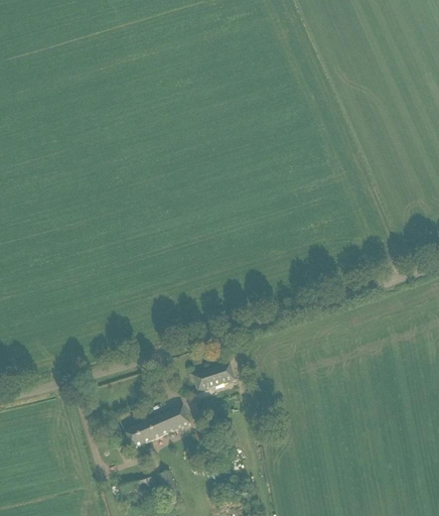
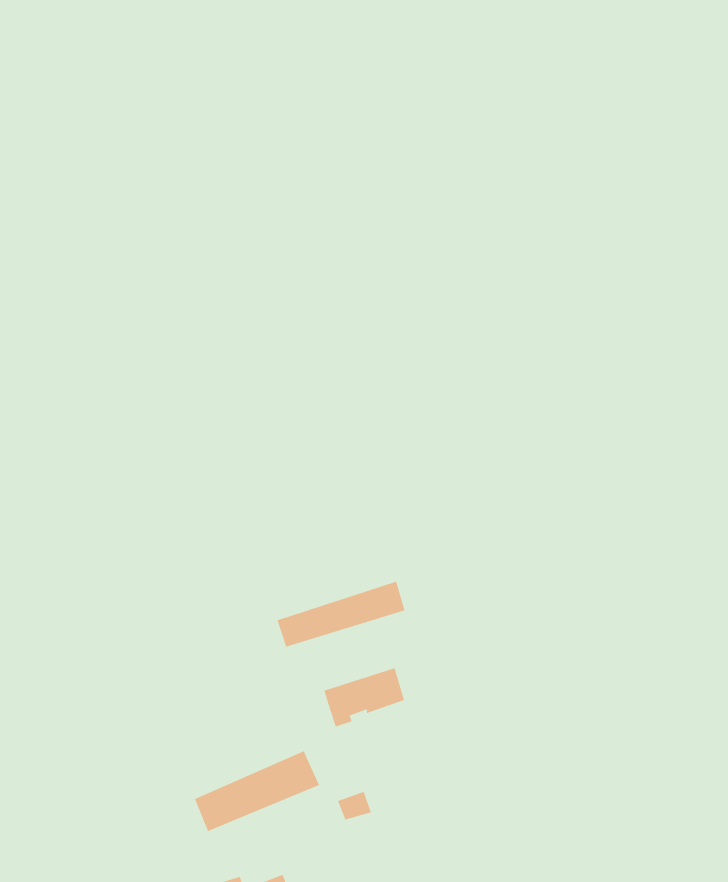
building: none -> [277,581,405,647]

